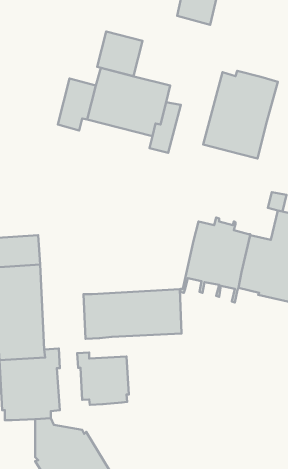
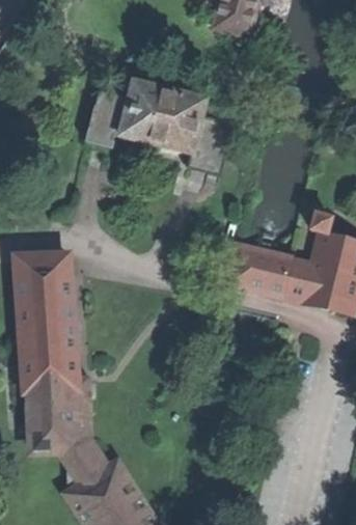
building: [97,31,142,76] -> none
building: [203,71,278,158] -> none
building: [84,289,182,339] -> none
building: [77,353,129,405] -> none

